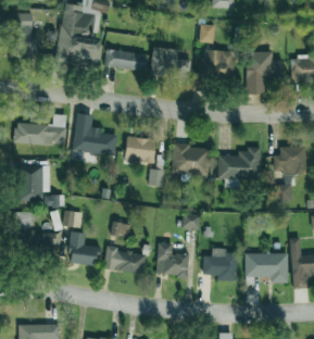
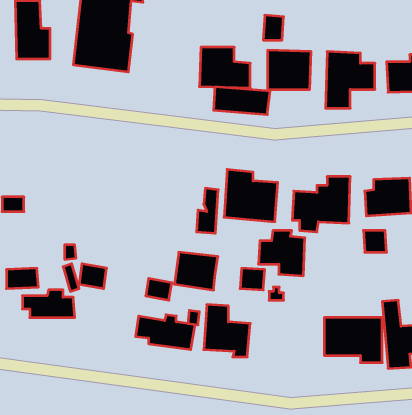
building: [104,50,147,71] -> [214,87,270,115]
building: [16,113,68,145] -> none
building: [74,130,115,155] -> none
building: [125,137,158,165] -> [174,252,218,290]
building: [15,165,48,205] -> none
building: [66,229,101,266] -> none
building: [202,249,237,282] -> [258,231,305,276]

